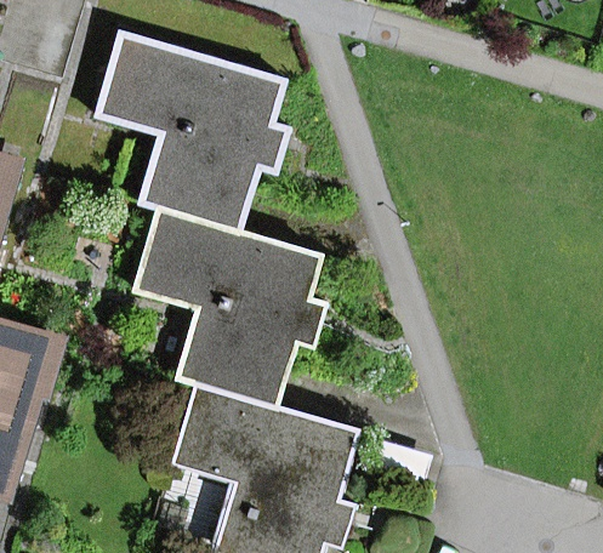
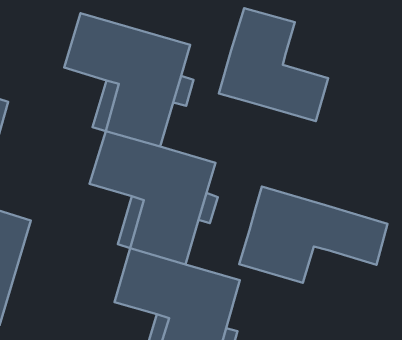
building: none -> [219,8,328,121]
building: none -> [239,187,388,283]

